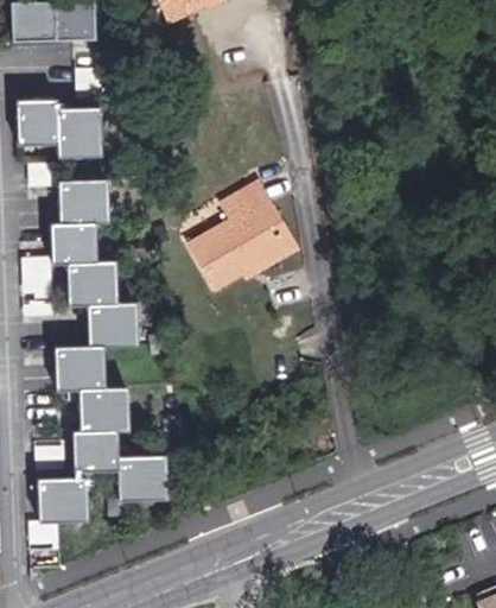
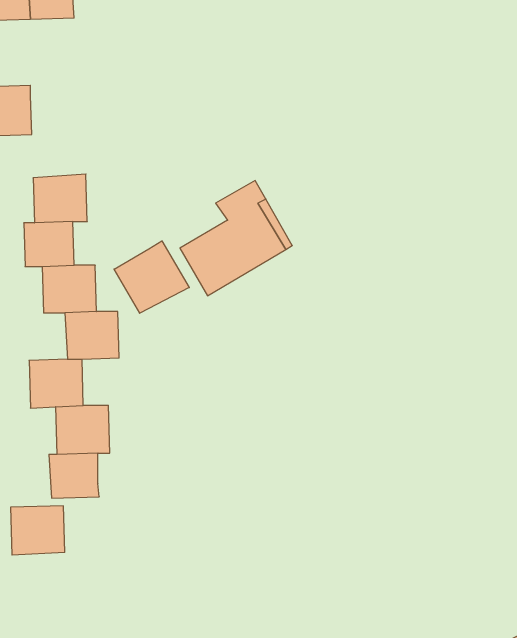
building: [57,108,101,157] -> none
building: none -> [114,241,189,313]
building: [117,456,166,500] -> none

